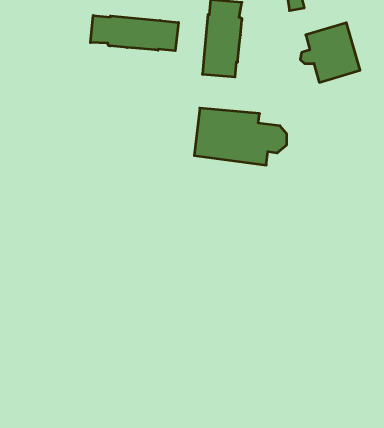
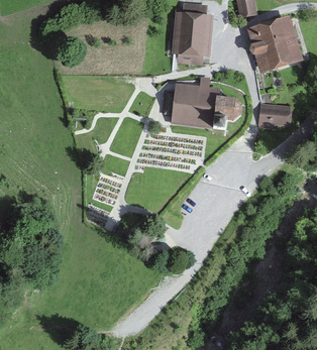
building: [90,15,178,51] -> none
building: none -> [258,106,289,126]

